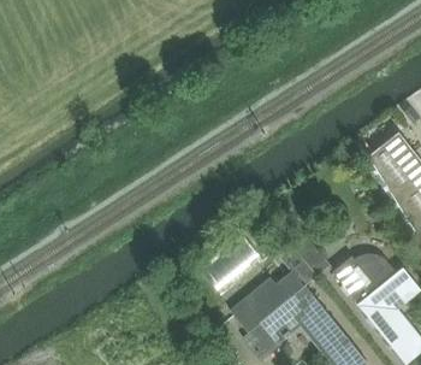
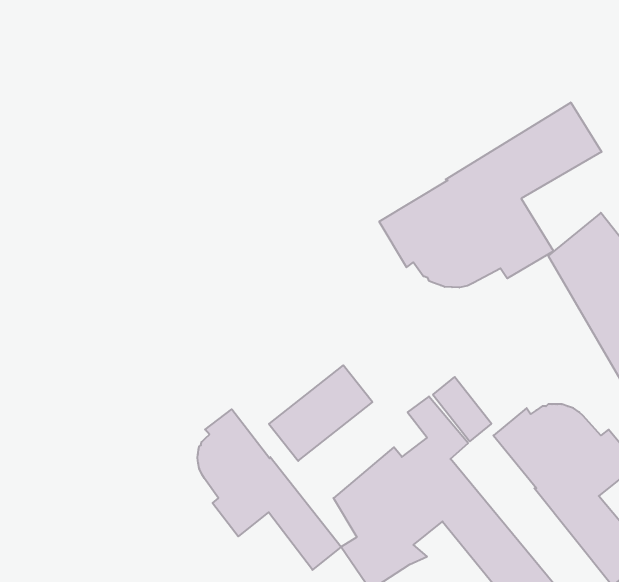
building: none -> [379,102,602,288]
building: none -> [197,409,341,570]

